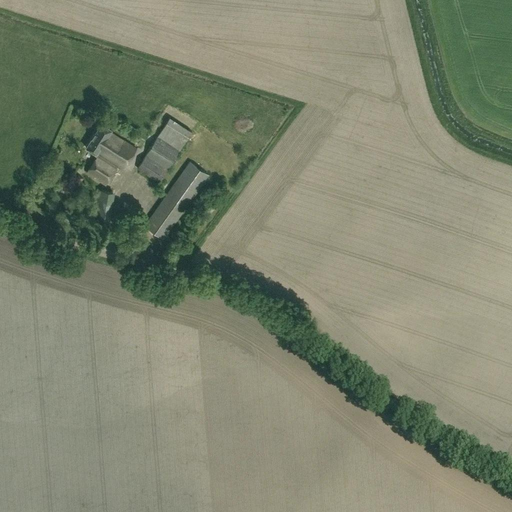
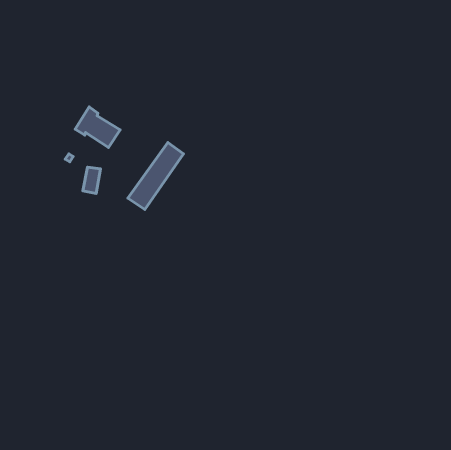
building: [137,119,192,184] -> none
building: [87,155,117,186] -> none

